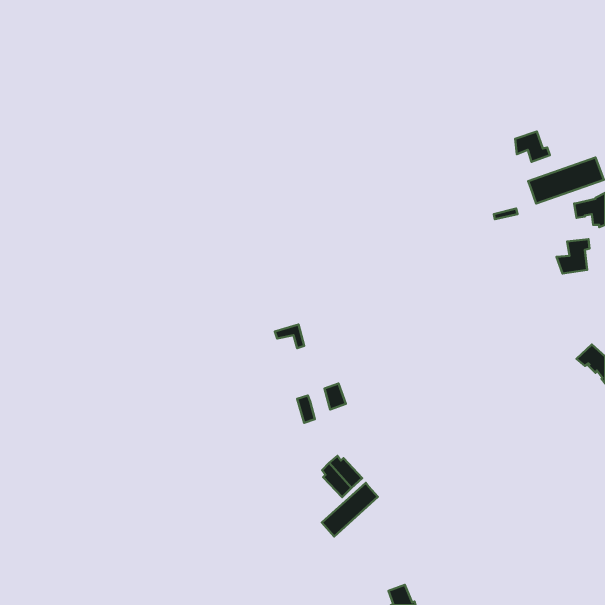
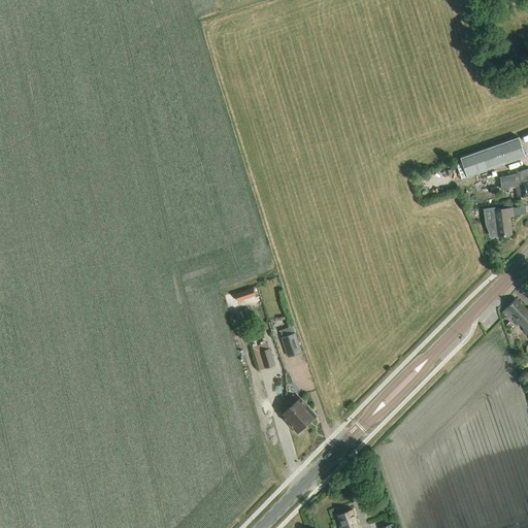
building: [515,132,550,162] -> none
building: [322,483,378,537] -> none

